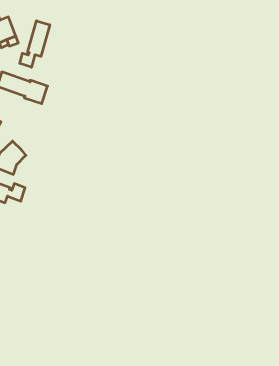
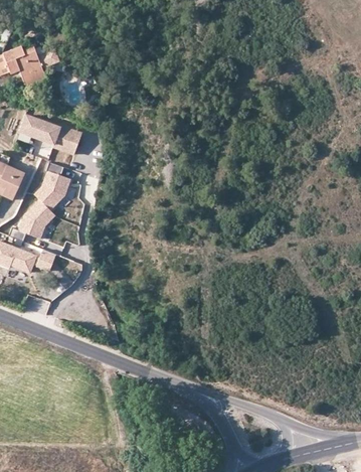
building: [20,21,50,67] -> none
building: none -> [32,170,69,208]

